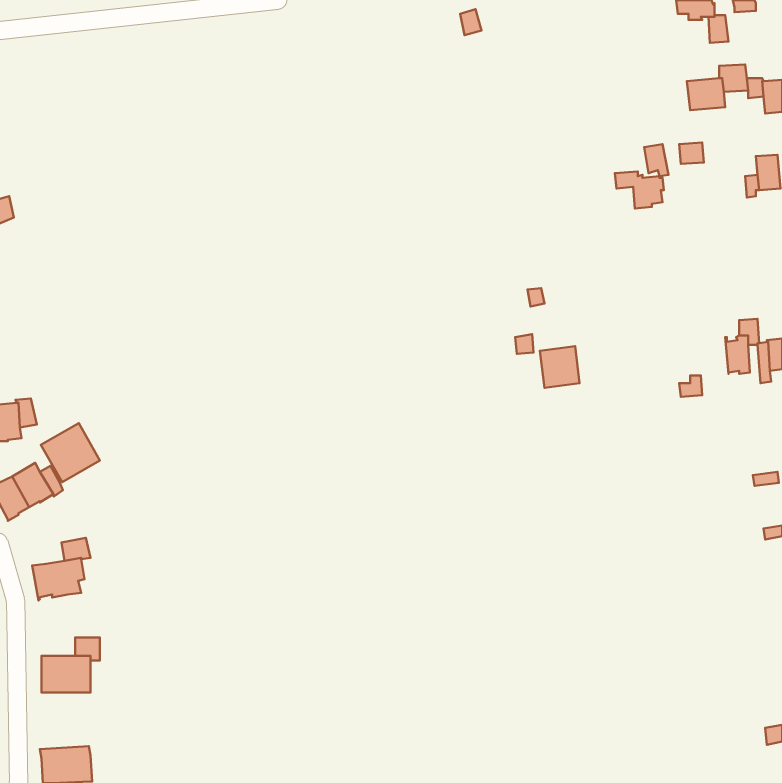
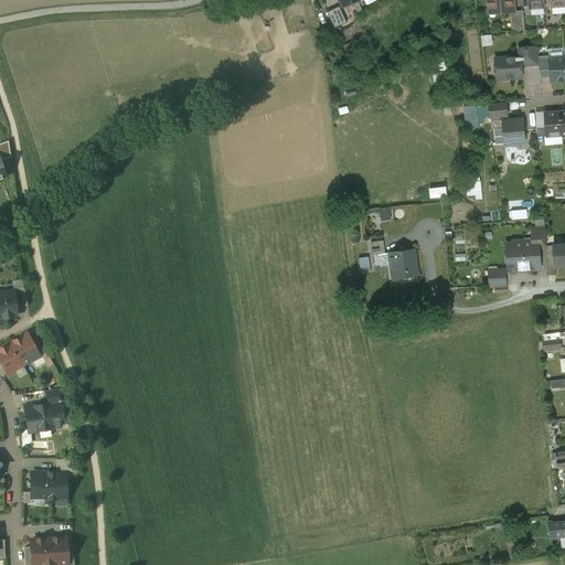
building: [615,172,664,208] -> [490,117,525,143]
building: none -> [505,243,524,270]
building: [41,423,100,482] -> none

